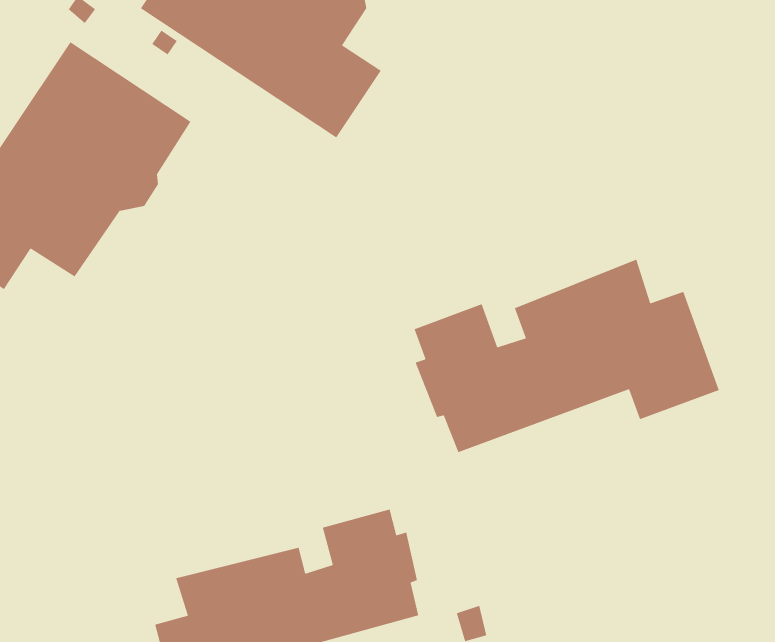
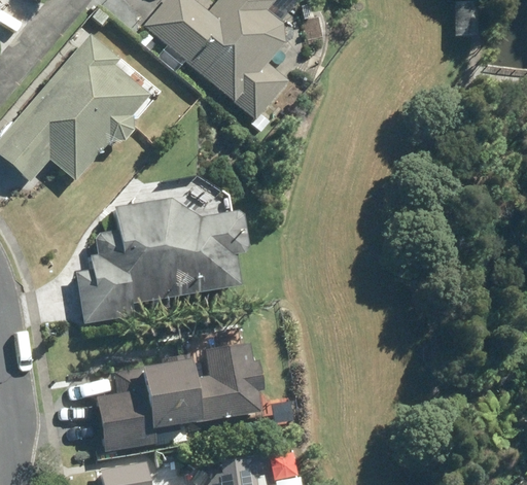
building: [413,259,720,453] -> none
building: none -> [77,198,247,322]

